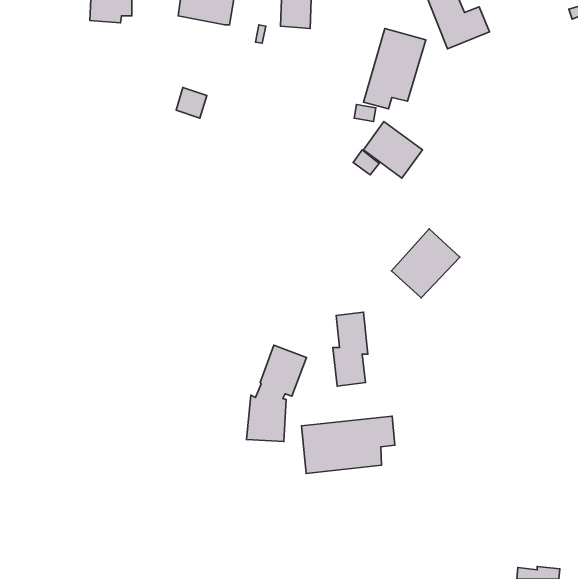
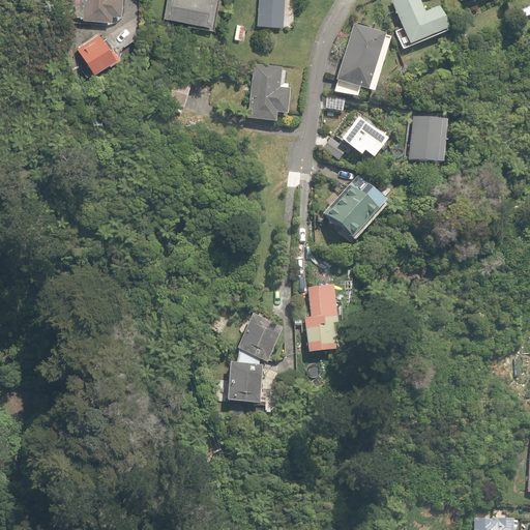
building: none -> [78,33,120,72]
building: none -> [248,64,292,122]
building: none -> [408,117,445,164]
building: [392,229,460,298] -> [324,175,386,238]
building: [302,416,395,474] -> none

